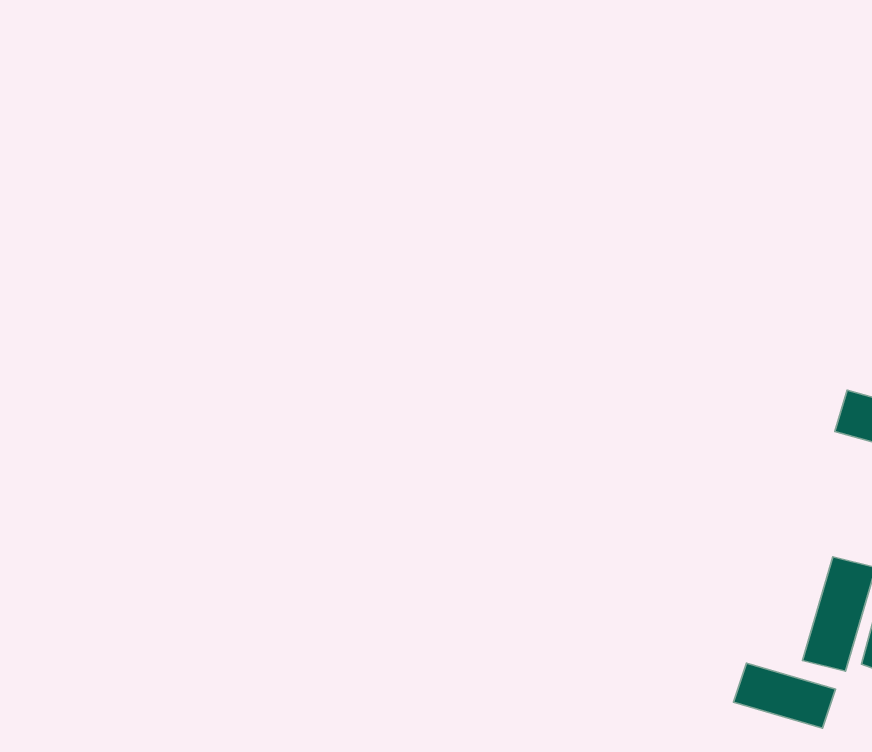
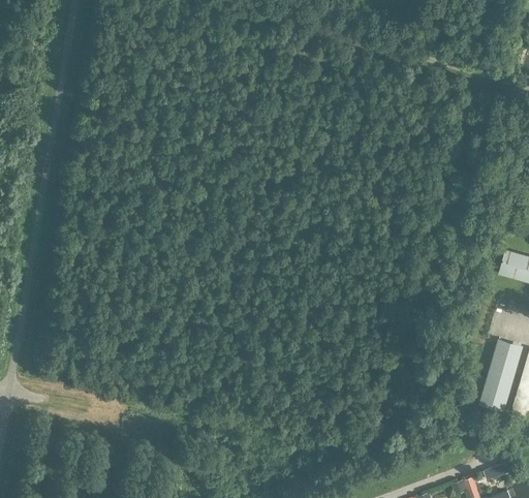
building: [733,663,836,728] -> none

